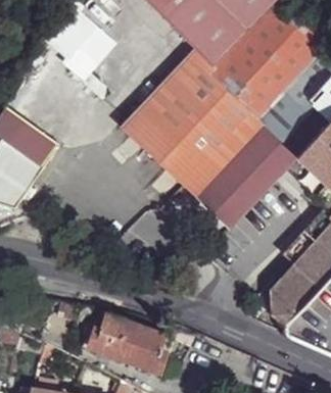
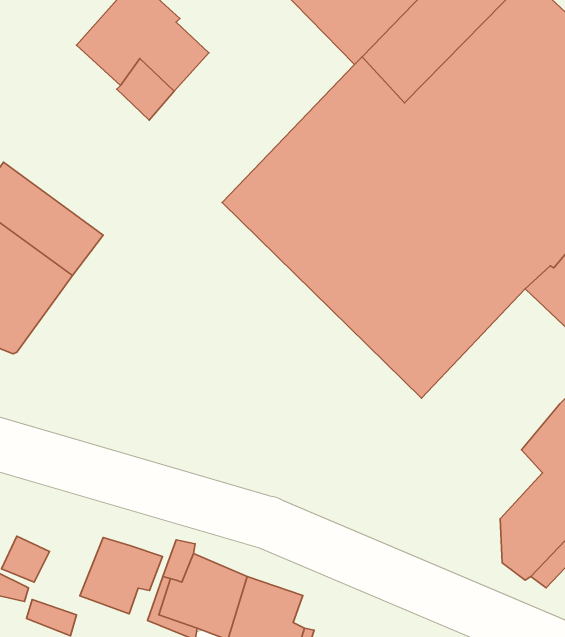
building: none -> [80,537,163,614]

